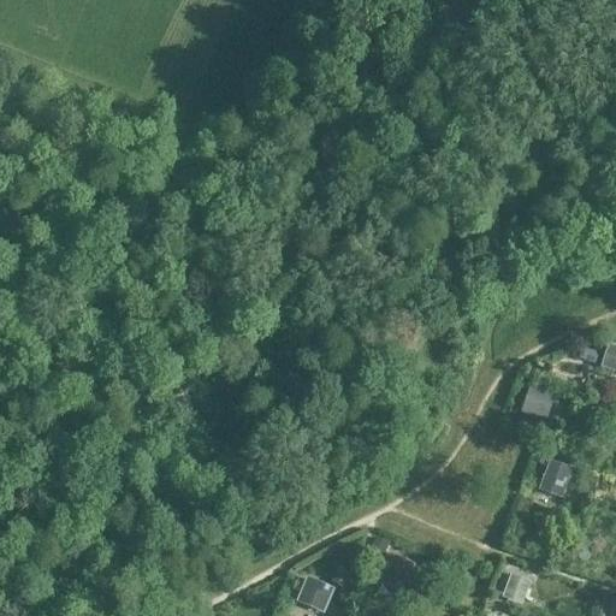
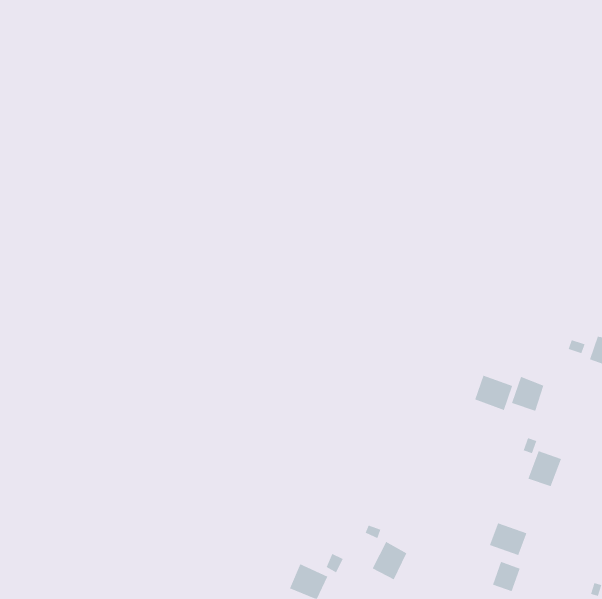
building: none -> [474,375,513,411]
building: none -> [489,523,527,556]

